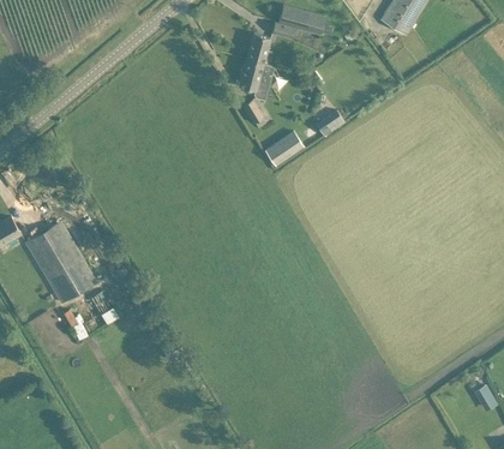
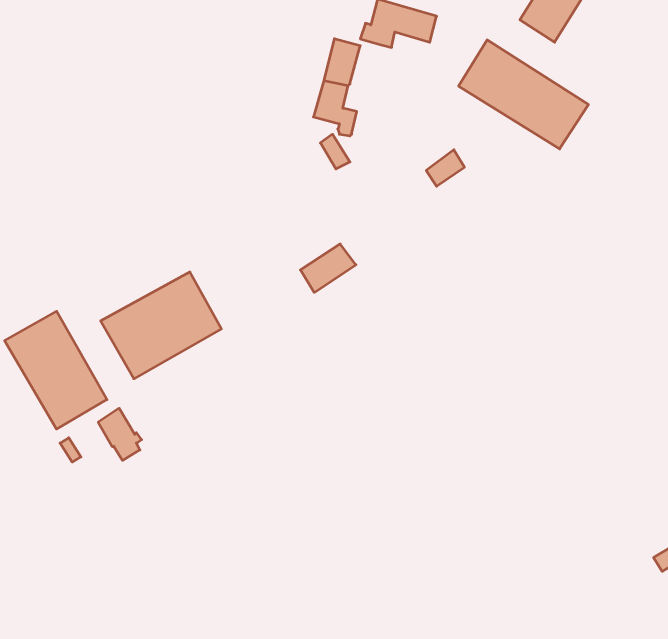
building: none -> [459,40,588,149]
building: [264,137,302,170] -> [300,244,356,292]
building: none -> [101,272,221,379]

